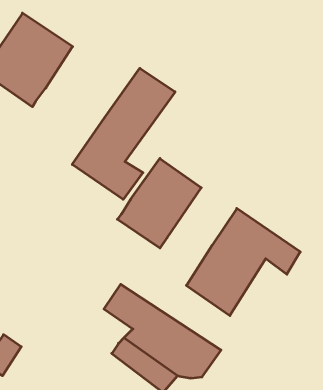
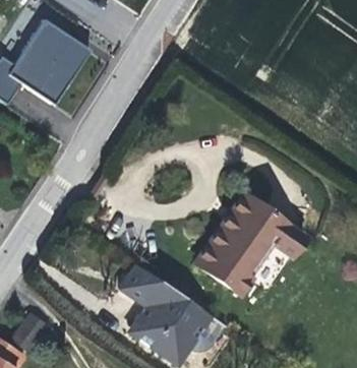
building: [72,68,175,199] -> none
building: [117,158,201,248] -> none

